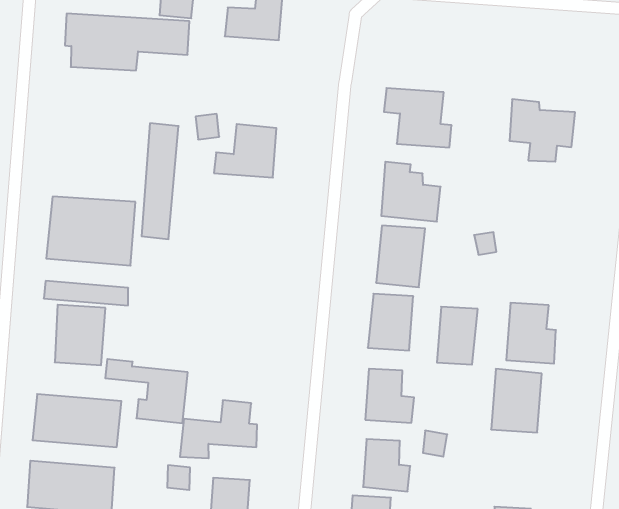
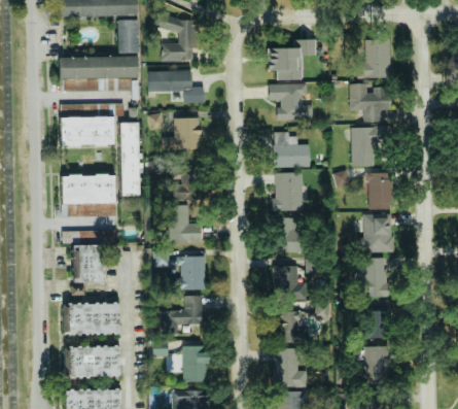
building: none -> [268,39,316,79]
building: none -> [361,38,391,78]
building: none -> [149,70,205,102]
building: none -> [60,116,114,145]
building: none -> [351,127,390,166]
building: none -> [176,165,207,200]
building: none -> [173,204,202,243]
building: [437,307,478,365] -> [368,172,392,209]
building: [105,359,188,423] -> [153,253,206,289]
building: none -> [367,308,388,338]

